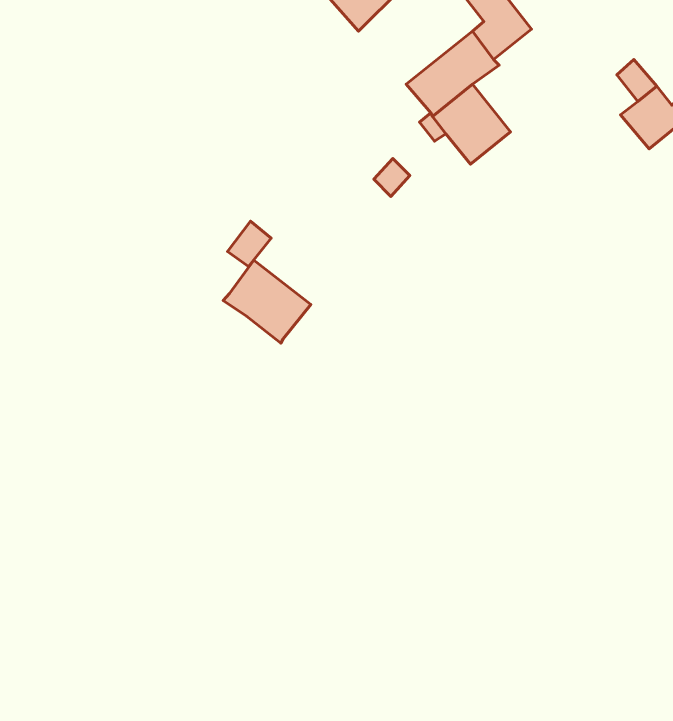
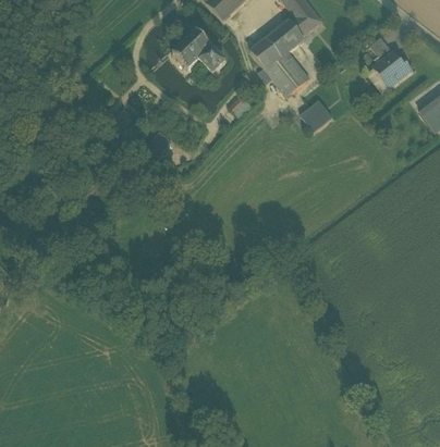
building: none -> [171,29,225,72]
building: none -> [300,99,332,131]
building: [223,260,311,343] -> none

